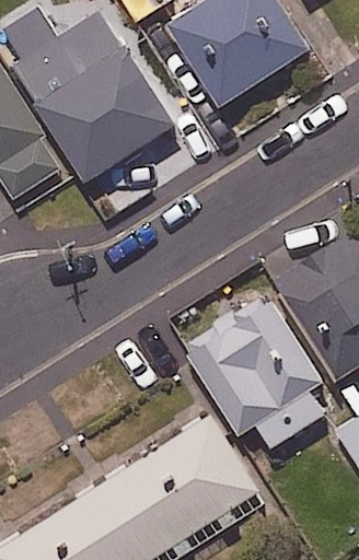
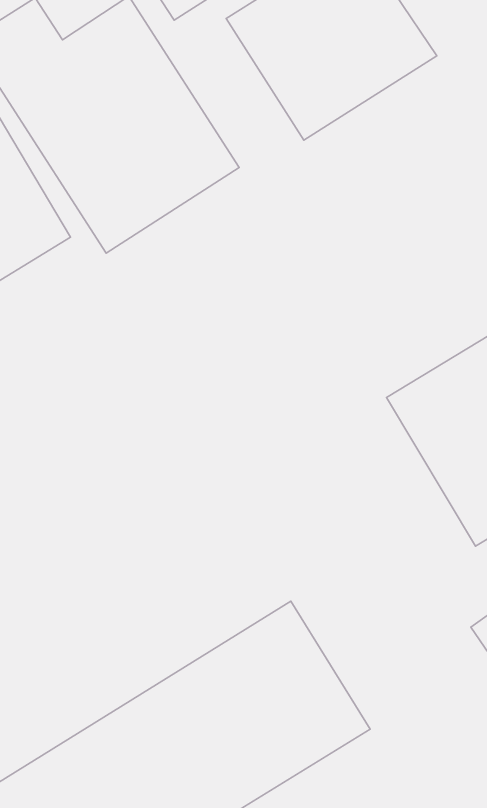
building: [182,295,323,447] -> none

